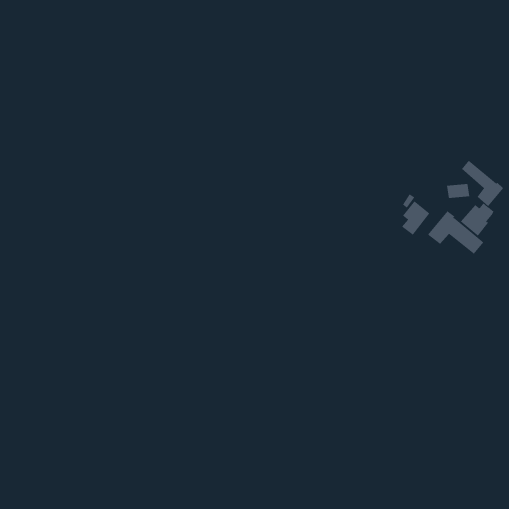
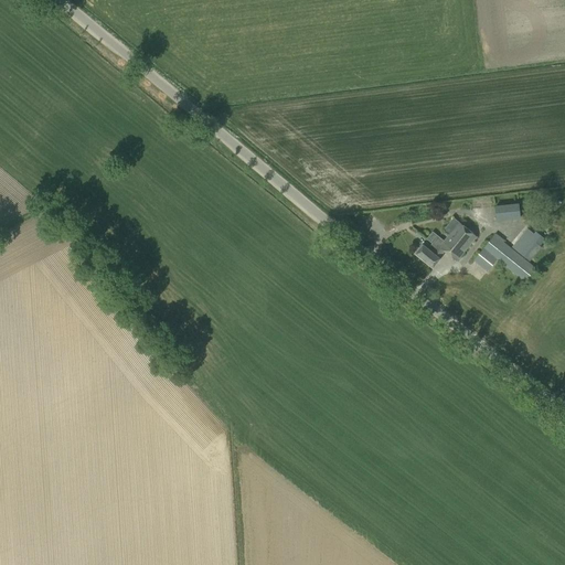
building: [461,160,504,207] -> none
building: none -> [414,231,450,268]

